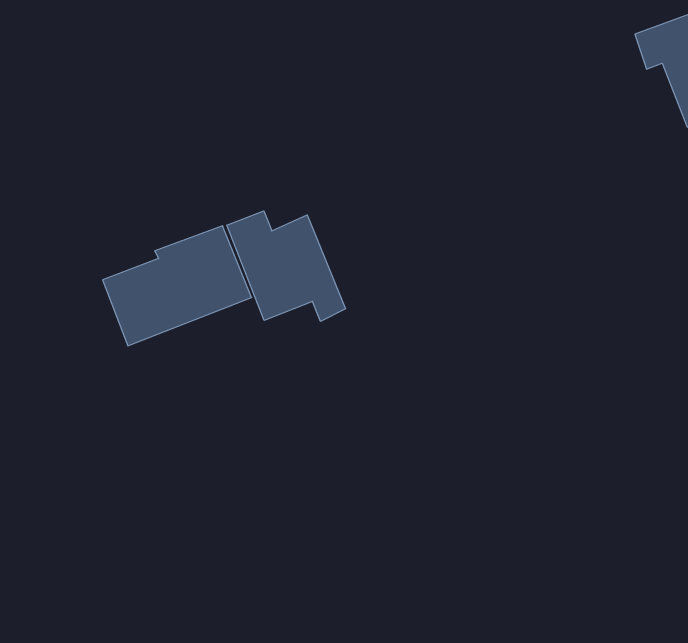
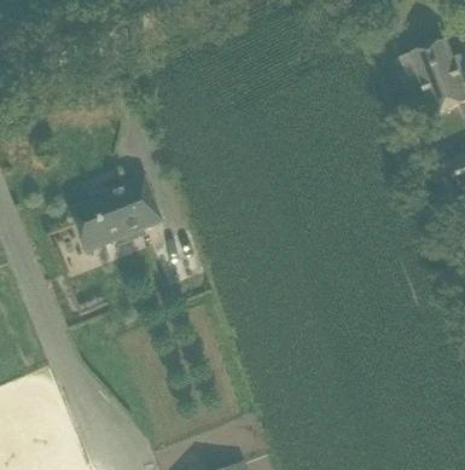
building: [227,211,345,321] -> none

